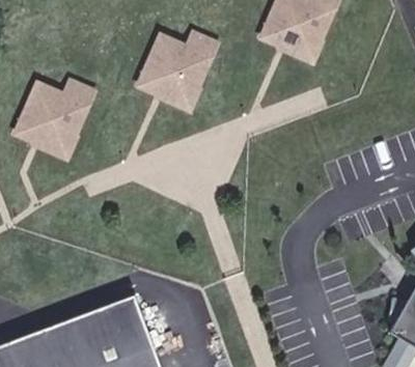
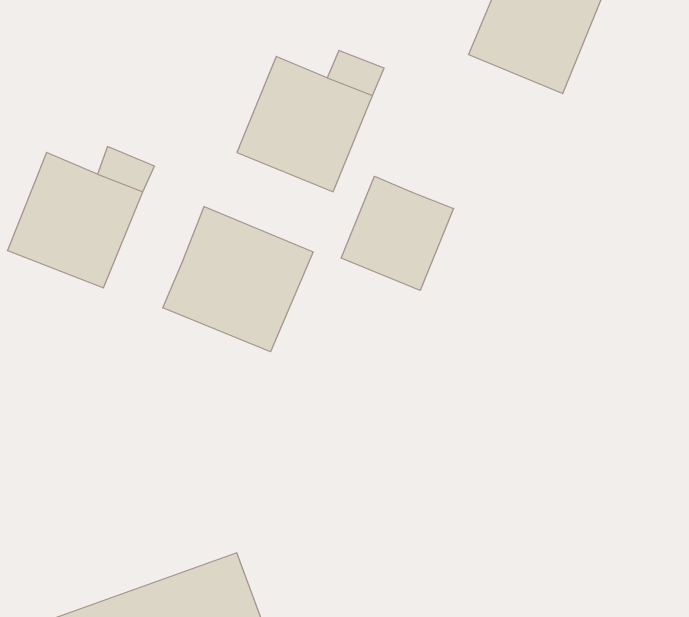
building: none -> [341,176,454,290]
building: none -> [163,206,313,352]

